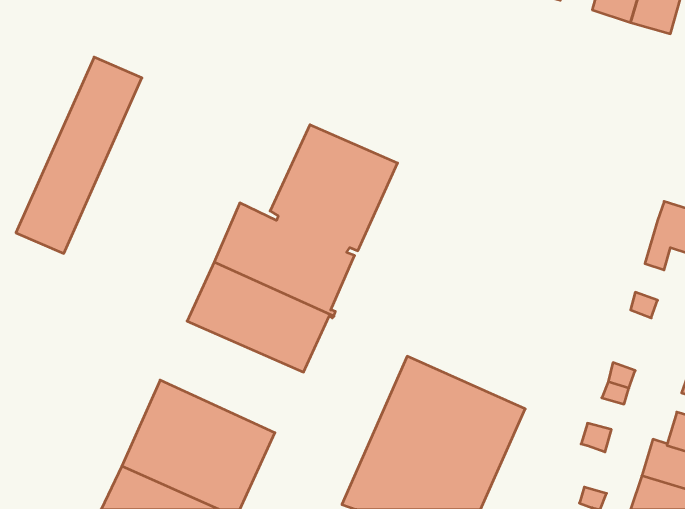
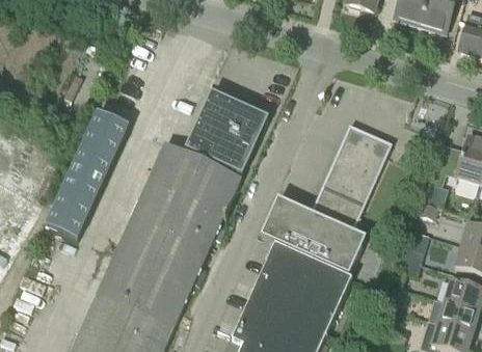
building: [16,57,142,253] -> [46,112,128,240]
building: none -> [262,125,392,274]
building: none -> [113,220,207,293]

